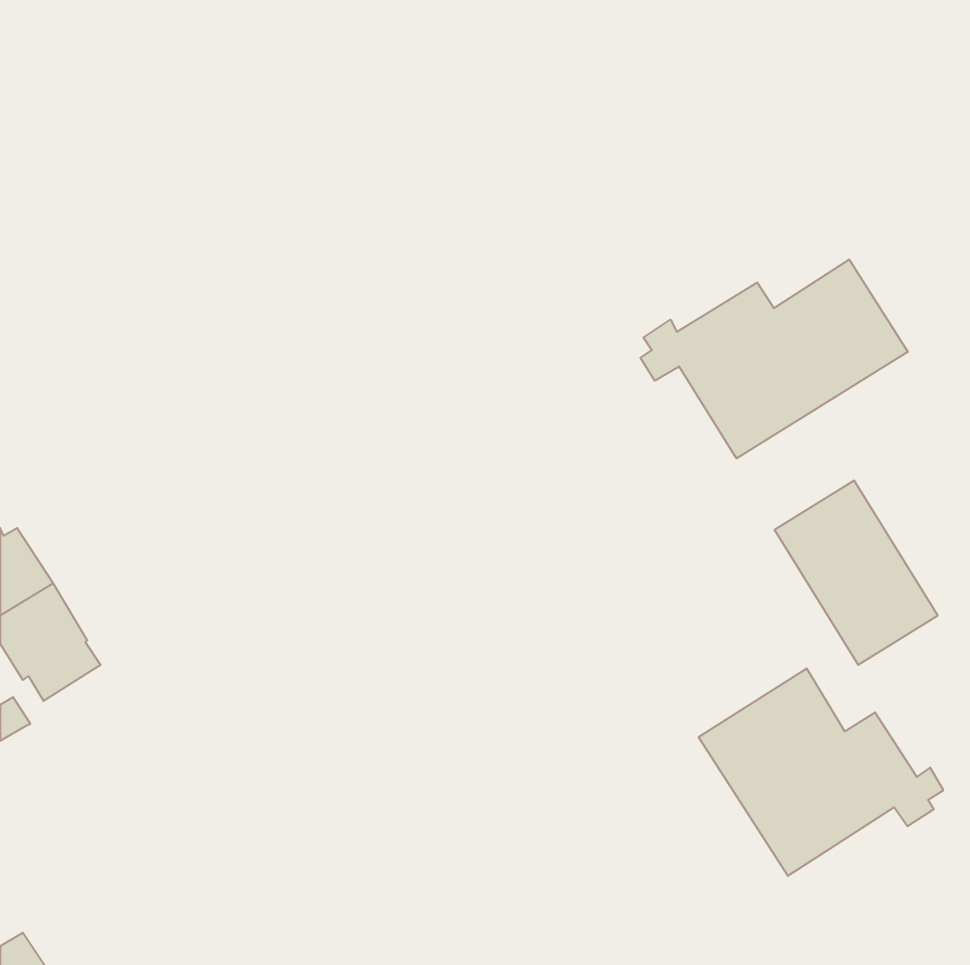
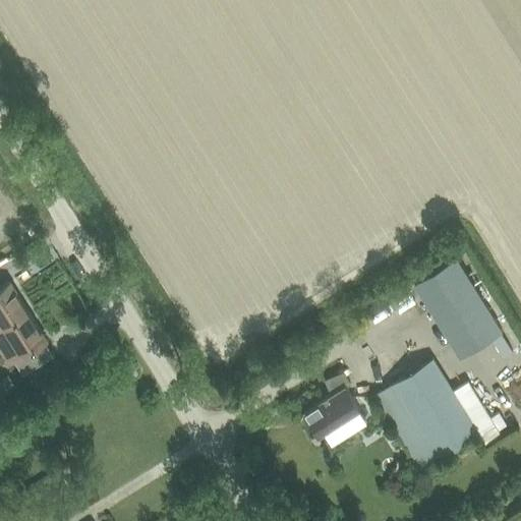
building: [640,259,908,458] -> none
building: none -> [304,375,360,439]

